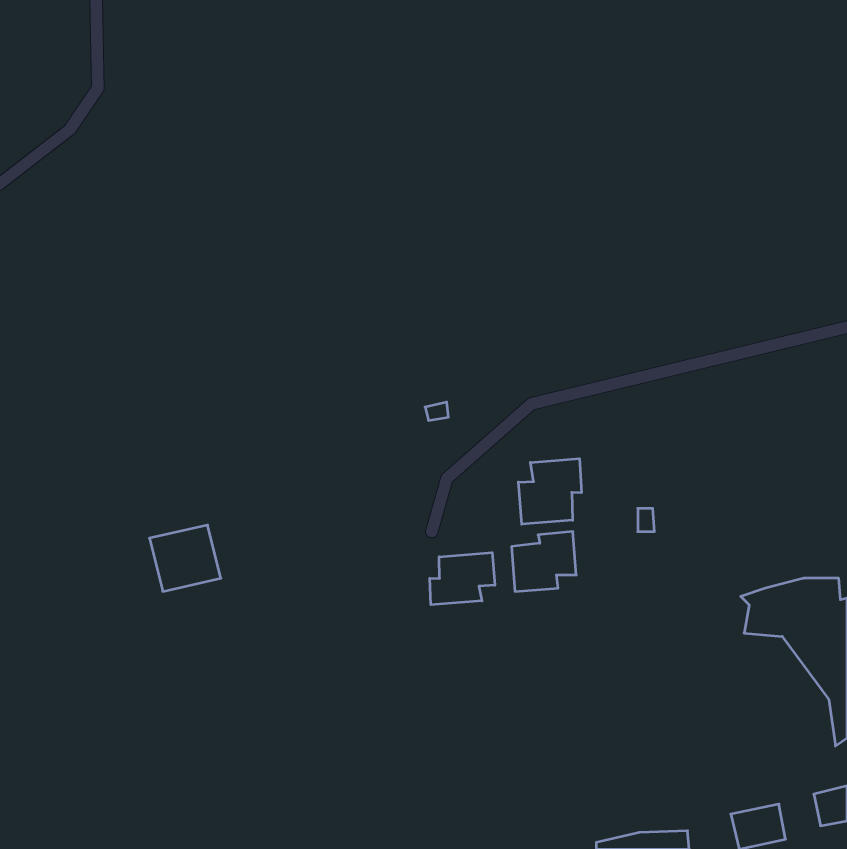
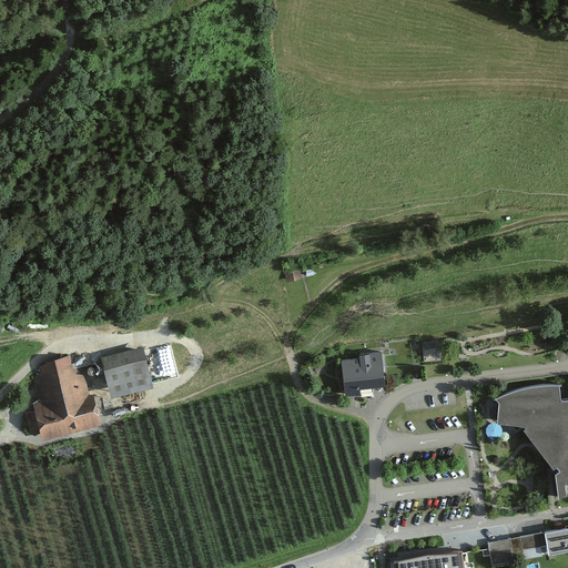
building: [518,459,581,524] -> none
building: none -> [31,355,101,437]
building: [430,553,495,605] -> none

